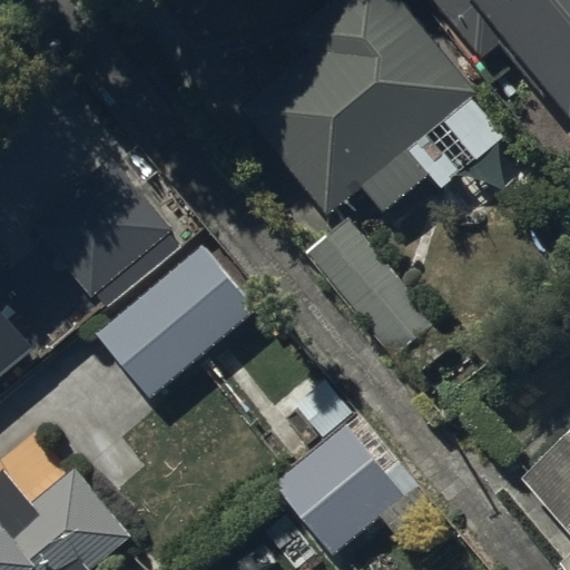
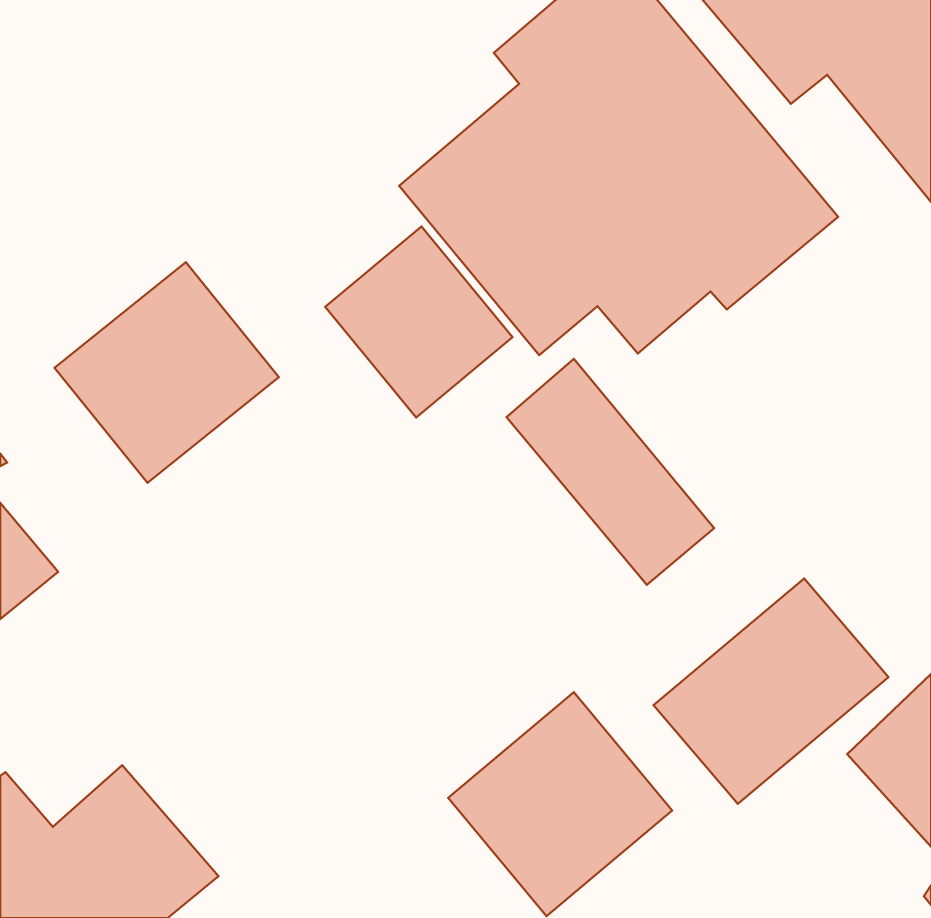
building: none -> [325,227,513,417]
building: [96,244,257,397] -> none
building: none -> [653,579,888,804]

